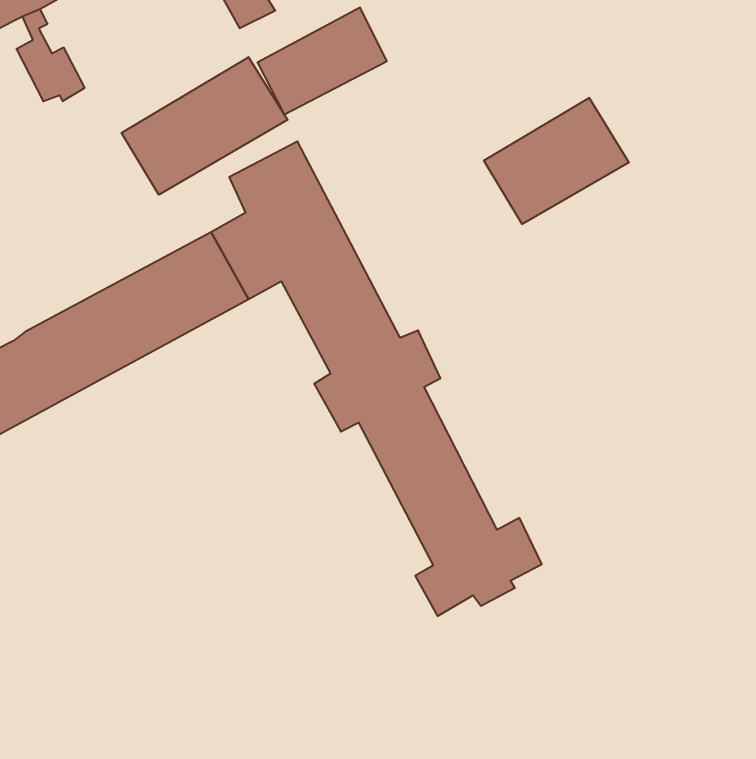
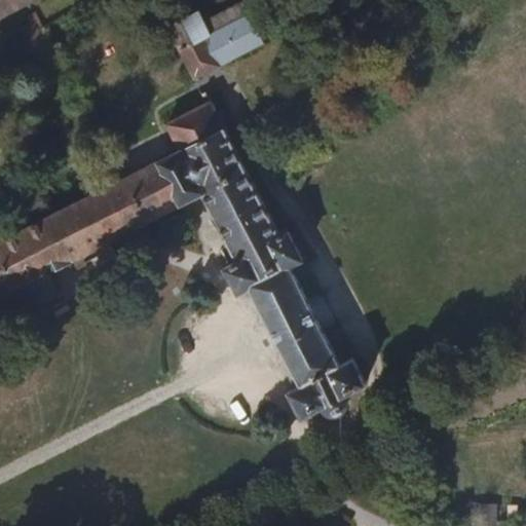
building: [122,57,288,195] -> none
building: [484,98,629,224] -> none

